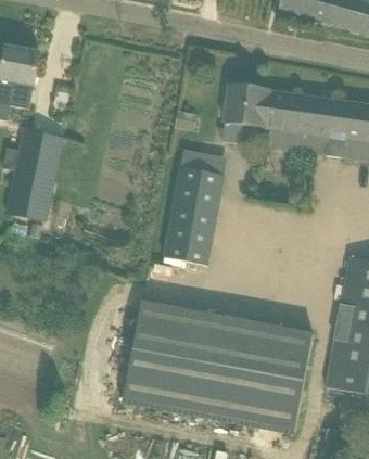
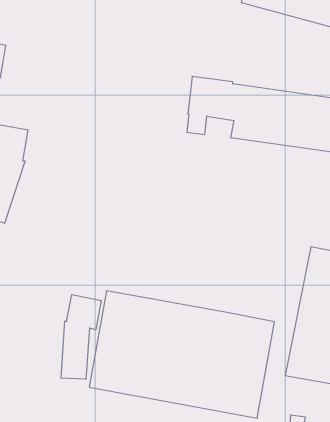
building: [164,150,226,265] -> none
building: none -> [61,294,101,379]

